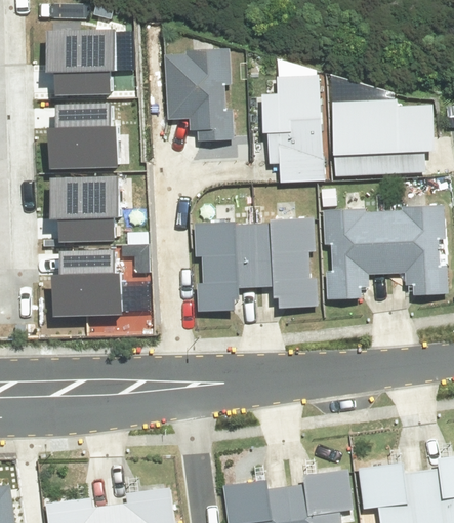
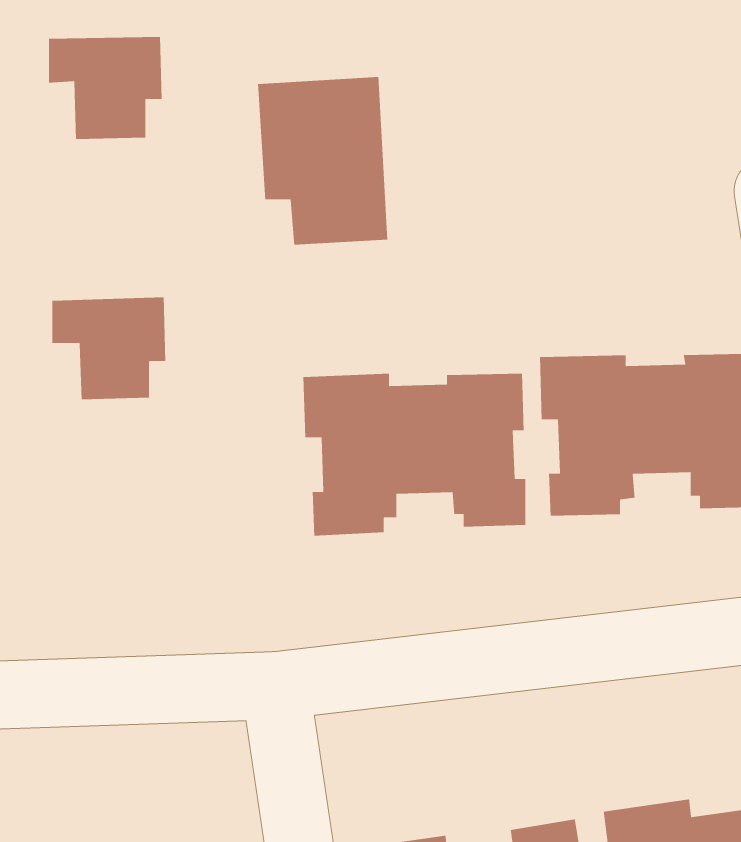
building: [261,77,329,182] -> none
building: [49,100,114,159] -> none
building: [340,104,422,172] -> none
building: [54,249,119,308] -> none

